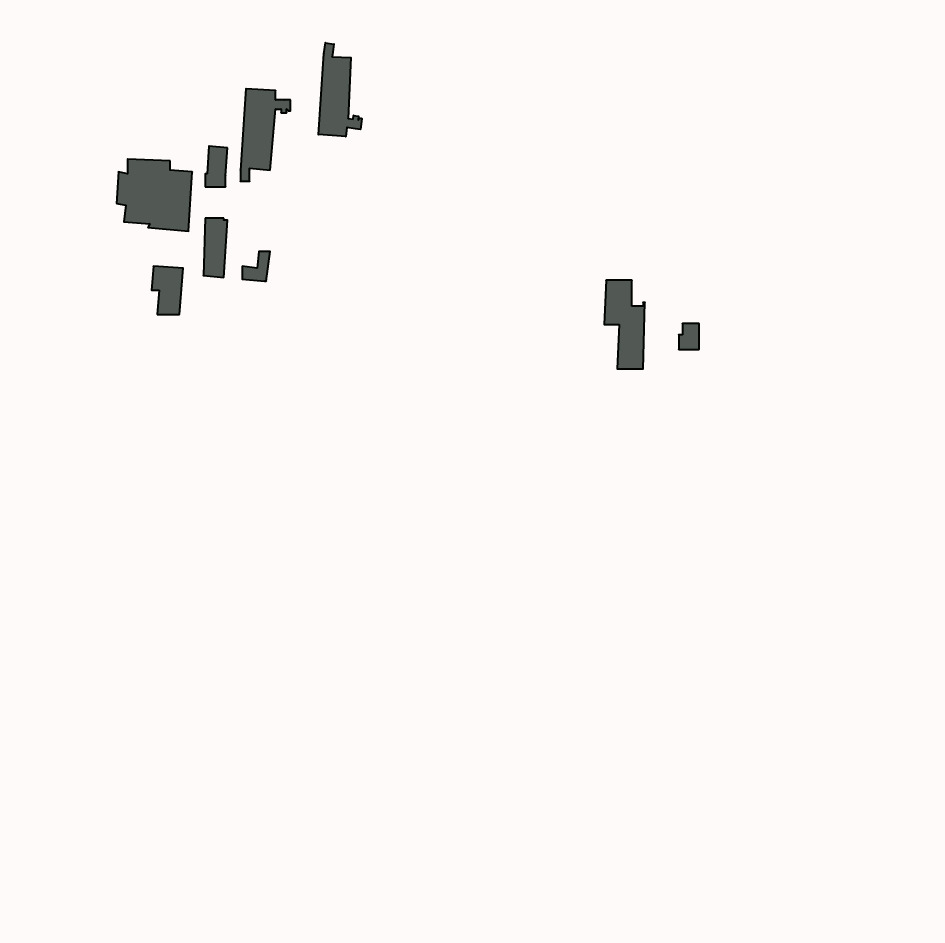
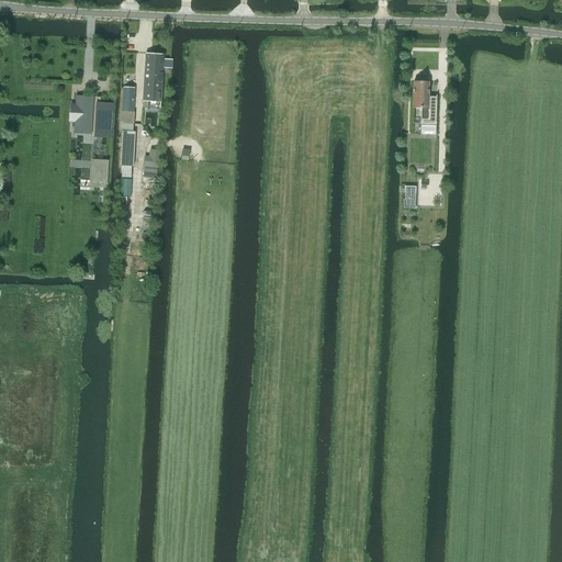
building: [318,43,362,137] -> none
building: [604,280,645,369] -> [413,80,437,133]

